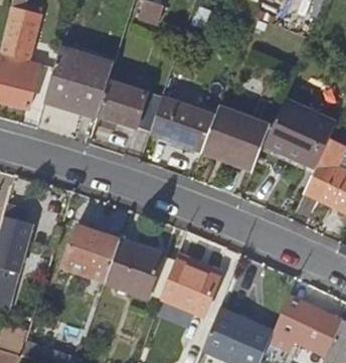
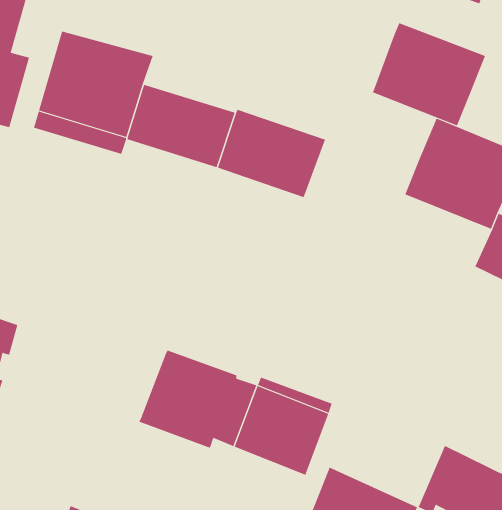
building: [204,107,273,169] -> [372,22,486,126]
building: [64,226,121,282] -> none

